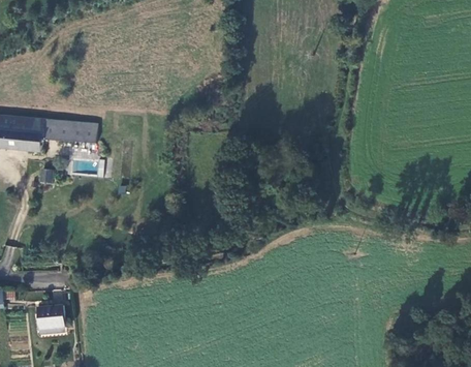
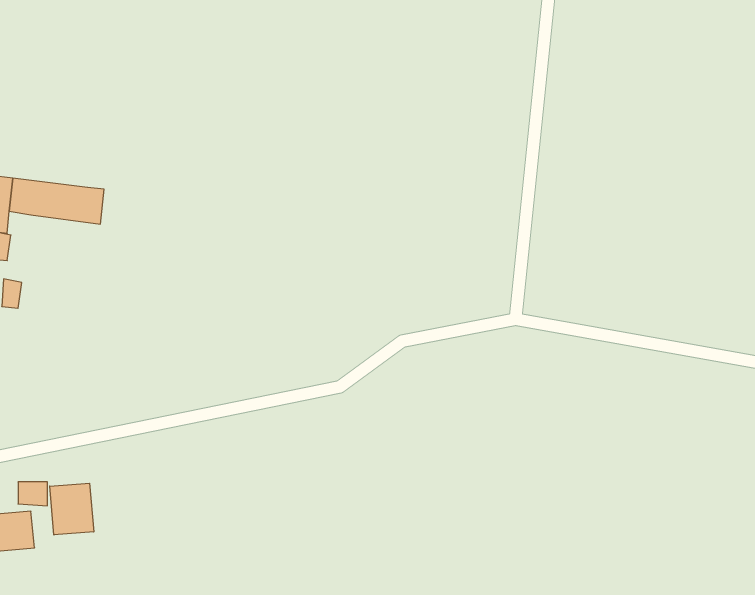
building: none -> [50,483,94,535]

